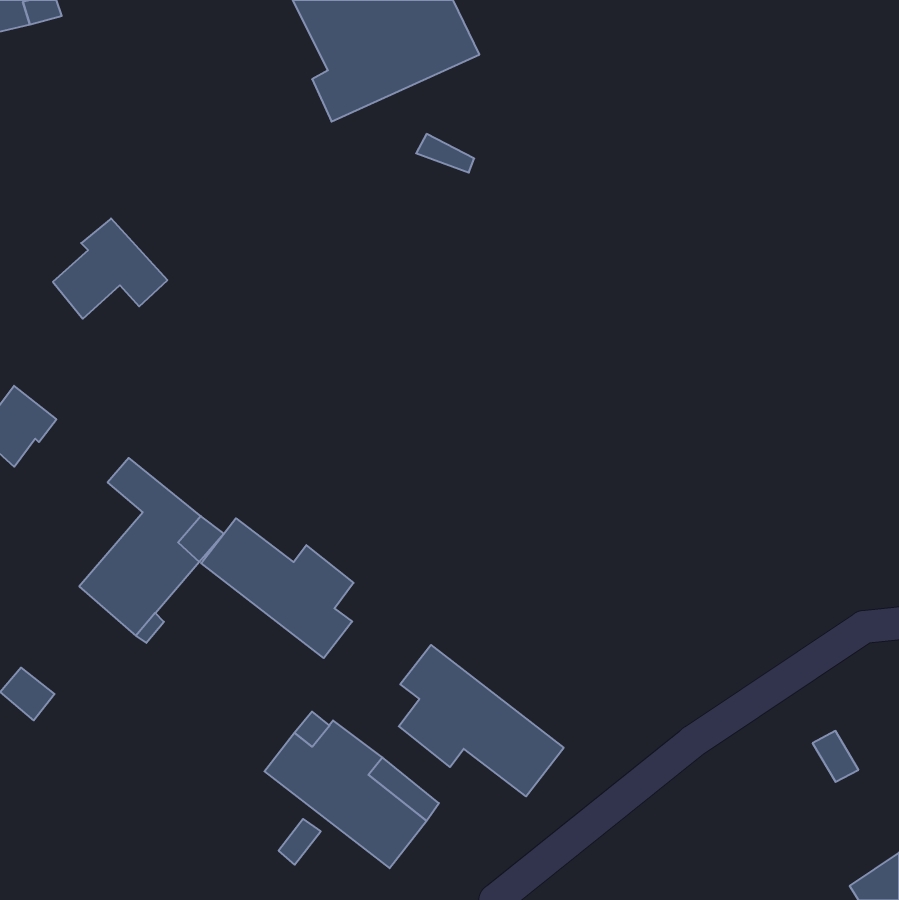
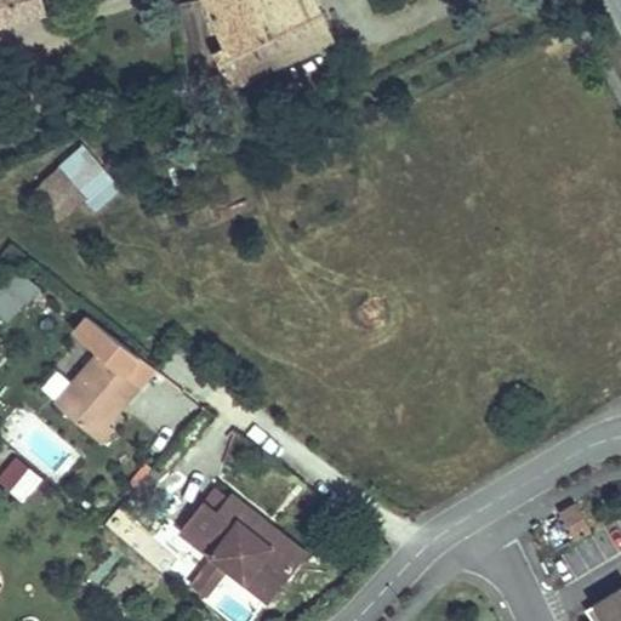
building: [201,518,354,658] -> none
building: [399,645,564,796] -> none

